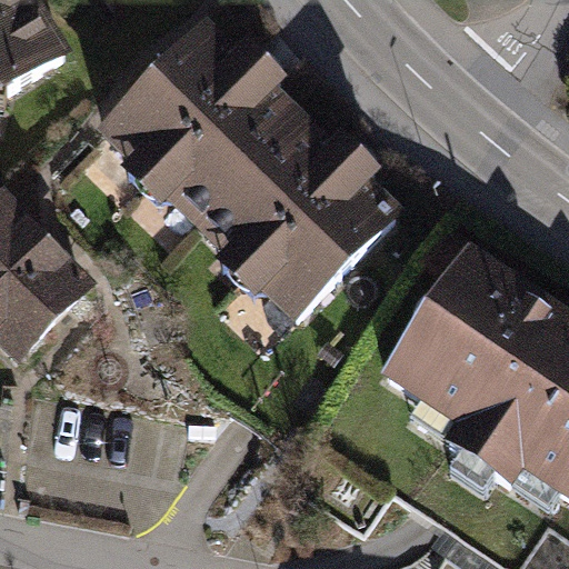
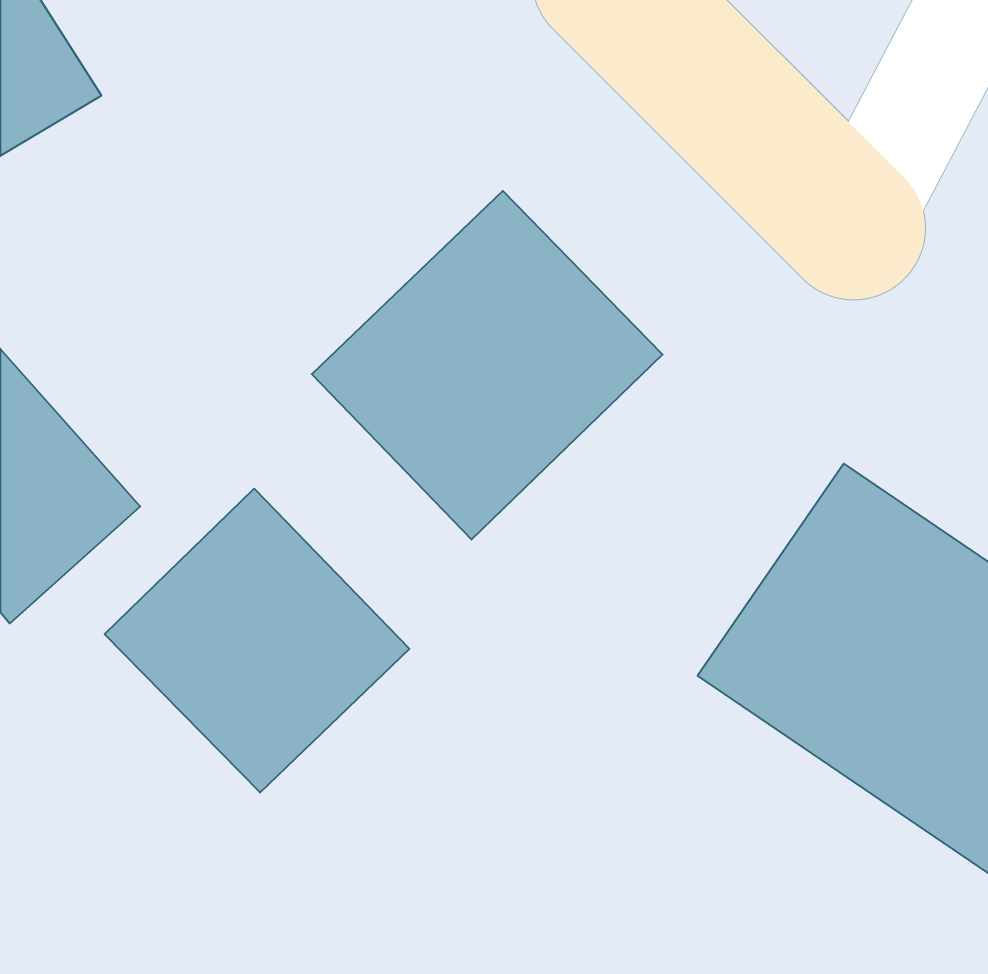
building: [92,16,291,213] -> none
building: none -> [105,489,409,793]

